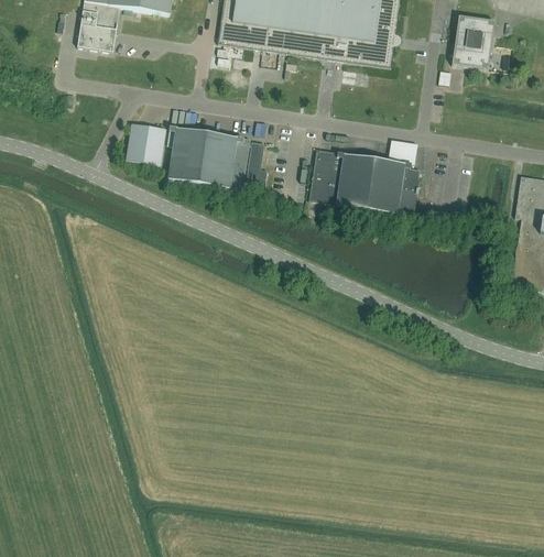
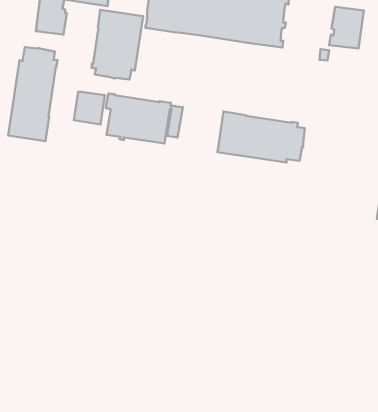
building: none -> [91,10,143,80]
building: none -> [8,47,57,141]

